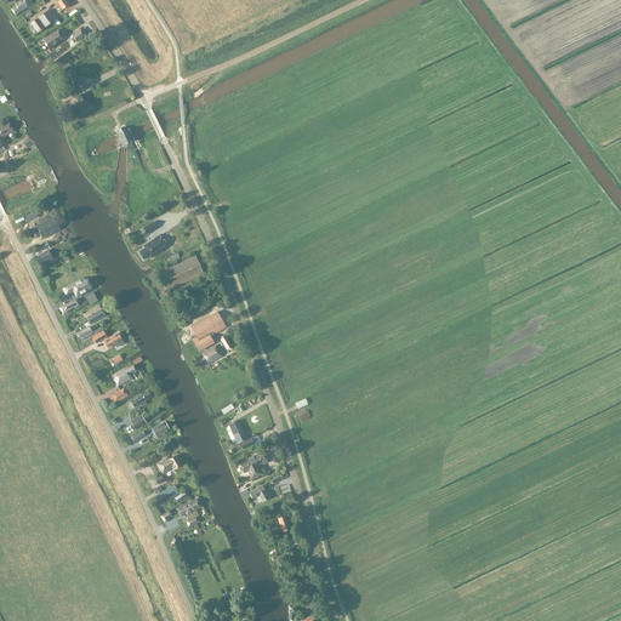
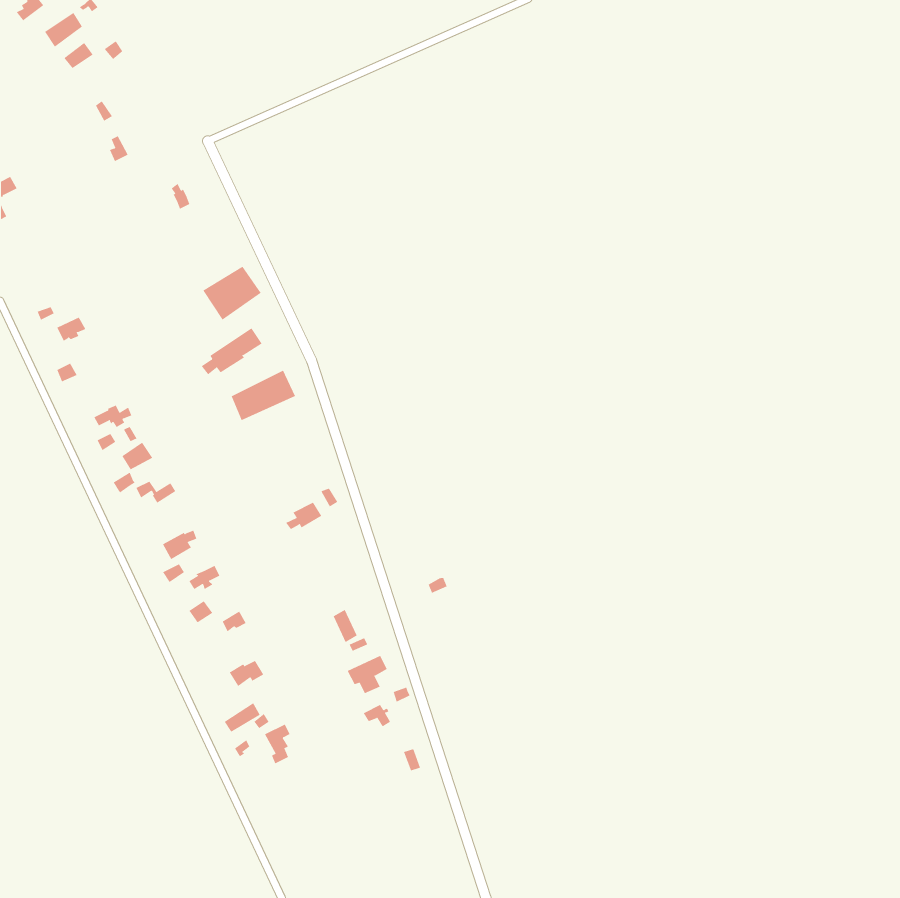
building: none -> [202,266,262,320]
building: [190,310,226,351] -> none

